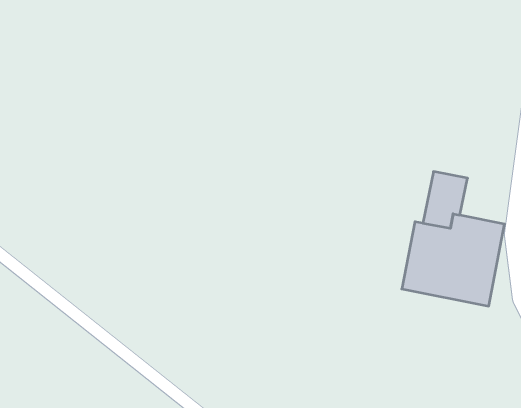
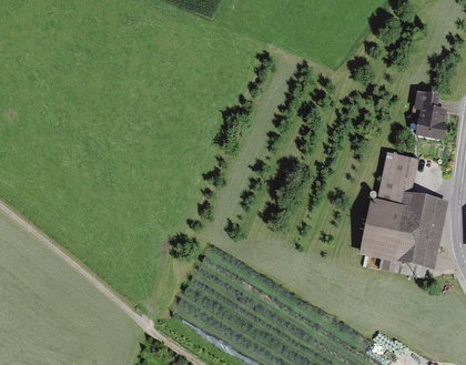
building: none -> [409,89,452,141]

